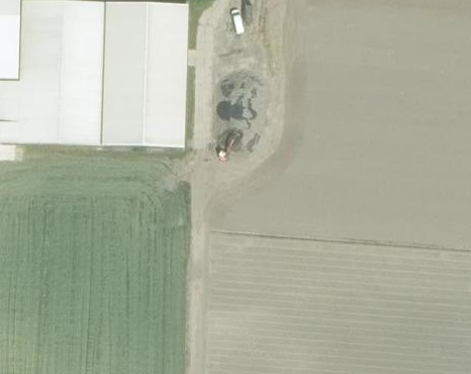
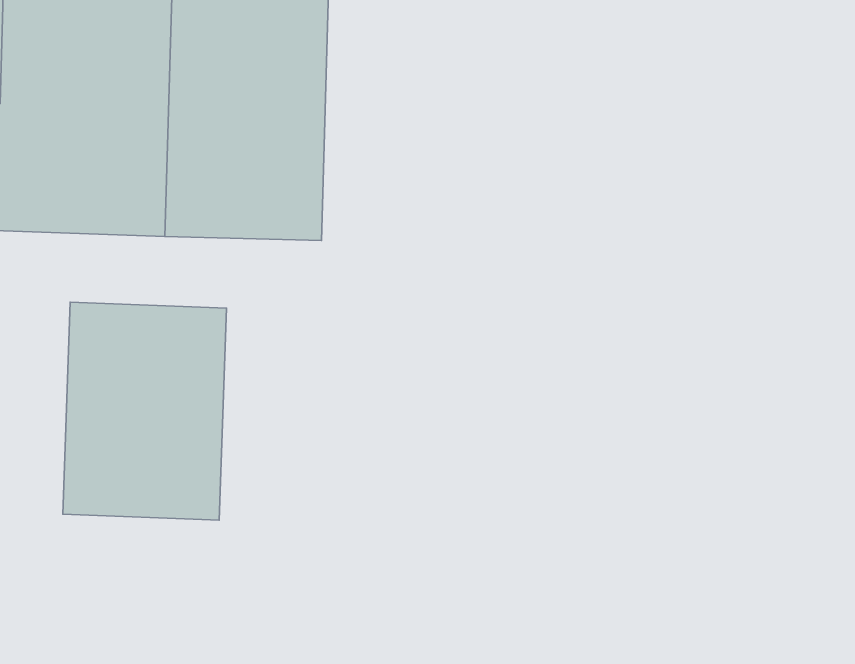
building: none -> [63,302,226,520]

